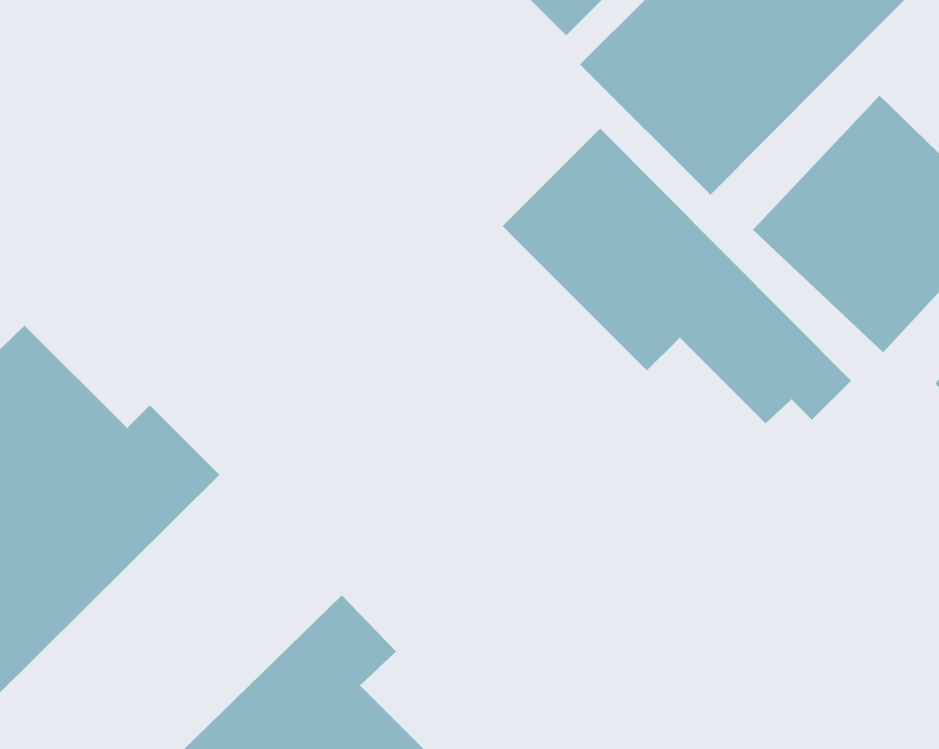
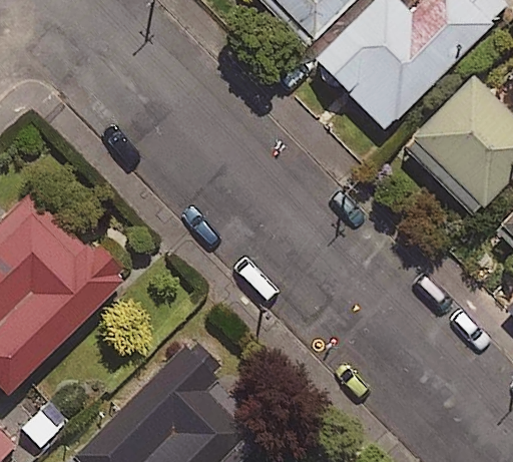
building: [502,128,852,424] -> none

